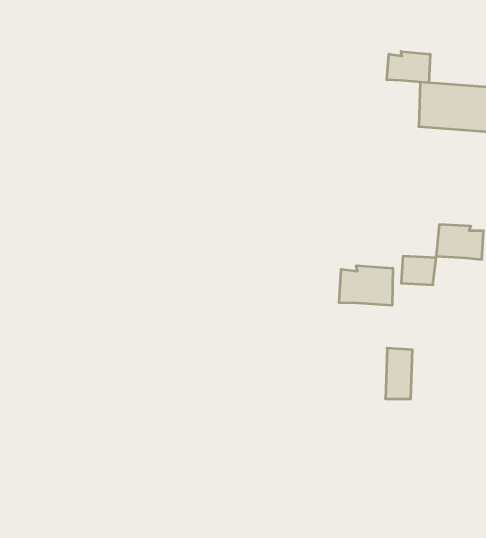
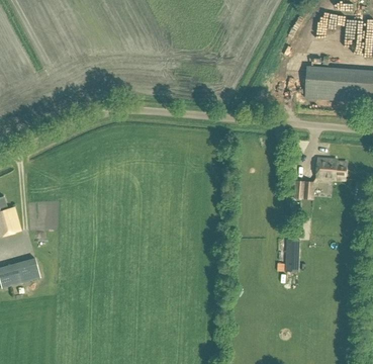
building: [387,51,430,83] -> none
building: [339,266,393,305] -> none

